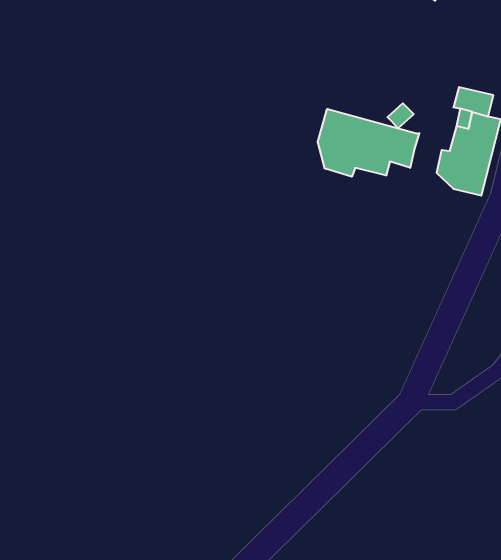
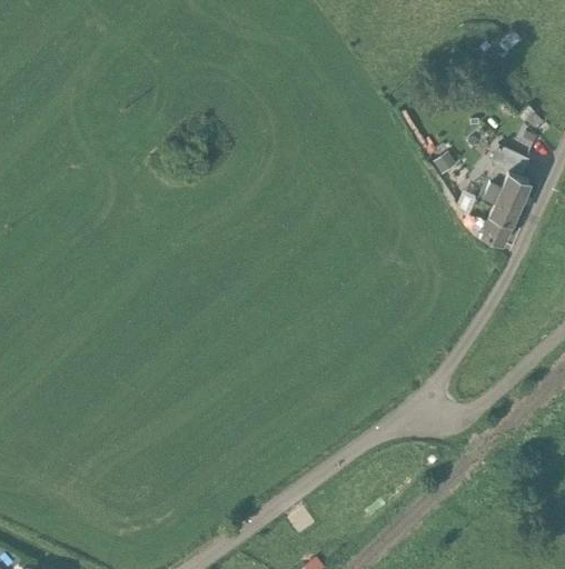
building: [318,109,419,177] -> none

